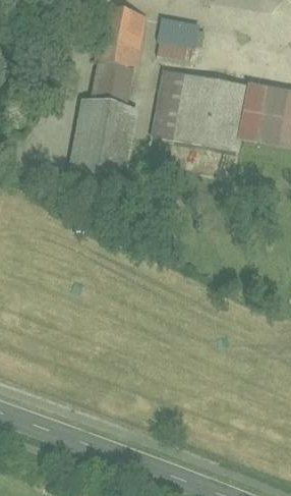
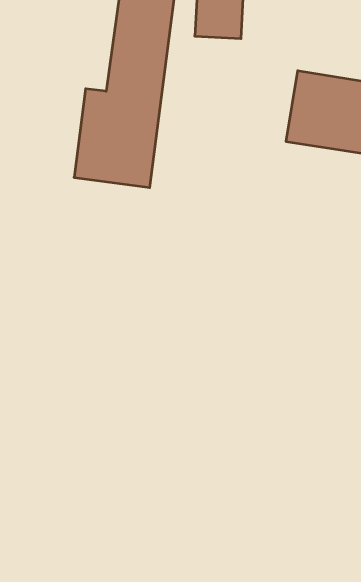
building: [156,70,239,154] -> none

